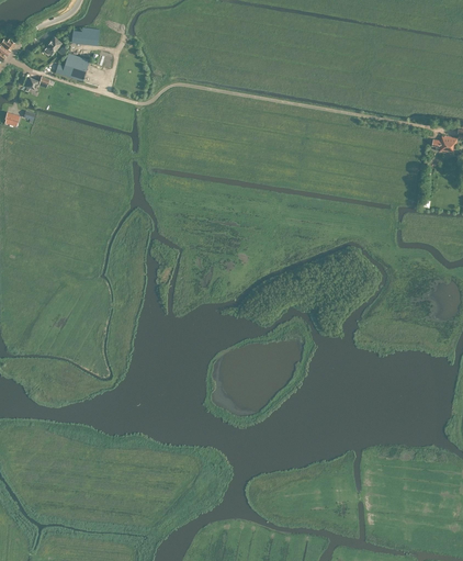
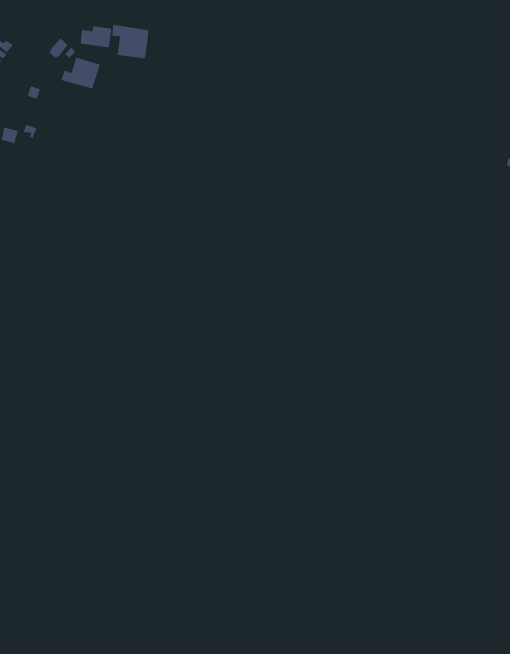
building: none -> [112,24,149,59]

